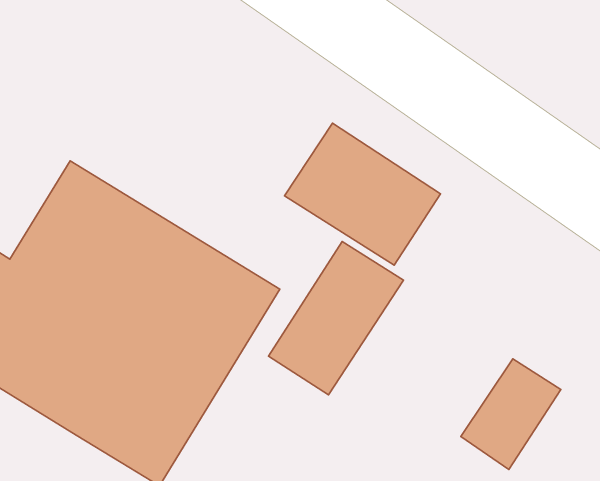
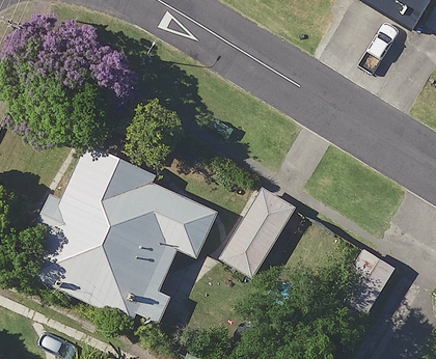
building: [285,123,440,265] -> none

